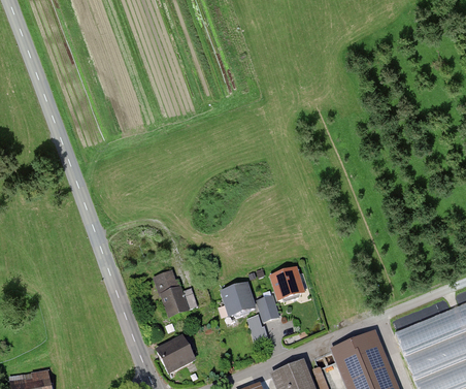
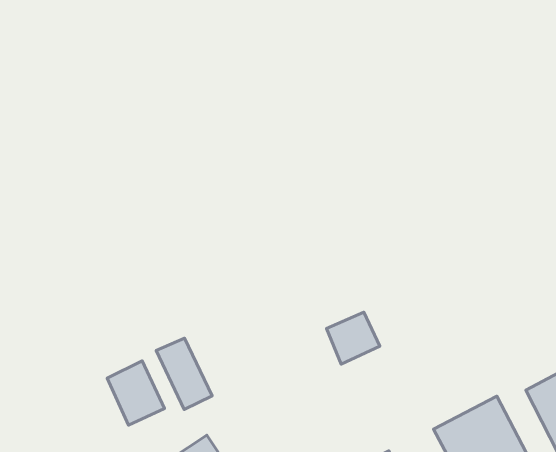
building: [219,280,275,320] -> none
building: none -> [107,361,165,425]

